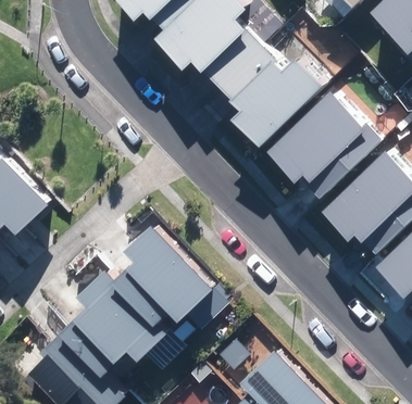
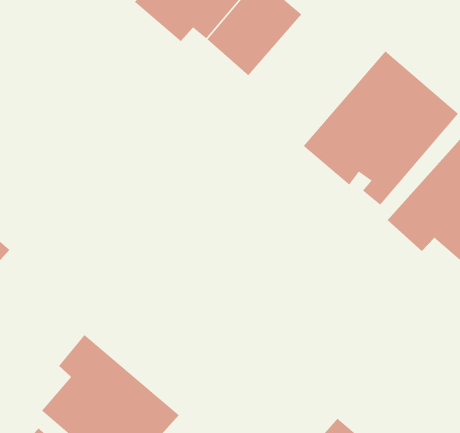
building: [235,60,326,149] -> none
building: [115,222,227,329] -> none

